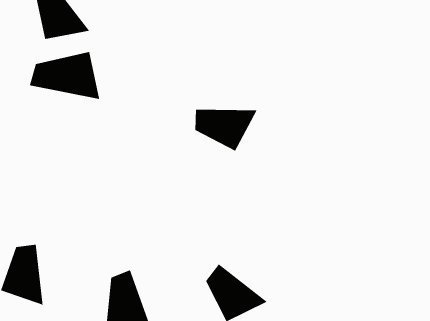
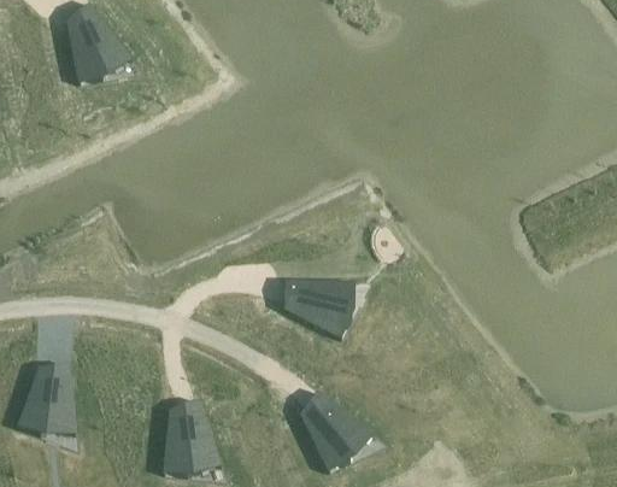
building: [29,51,100,100] -> none
building: [194,109,258,151] -> [283,278,370,336]

